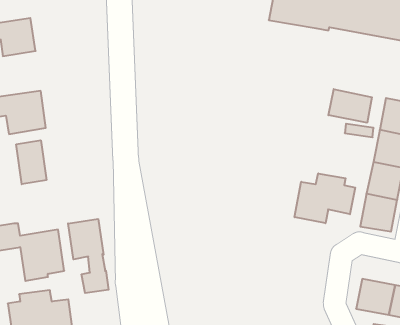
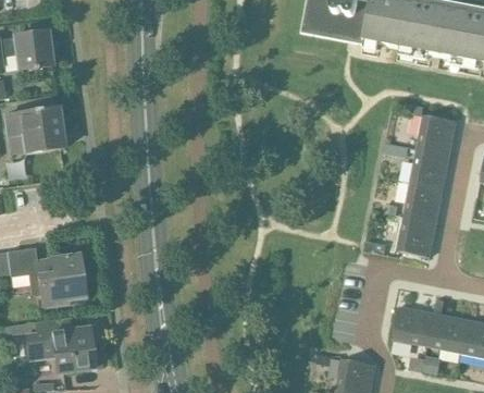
building: [328,89,372,123] -> none
building: [16,140,46,184] -> none
building: [295,173,355,223] -> none
building: [68,219,109,293] -> none

